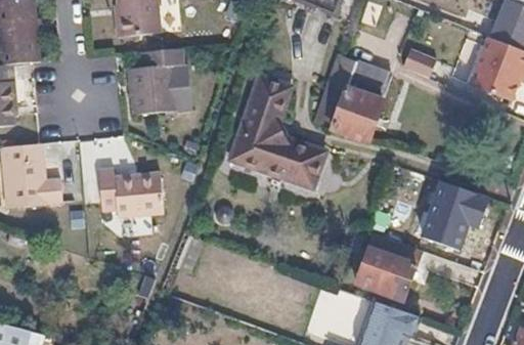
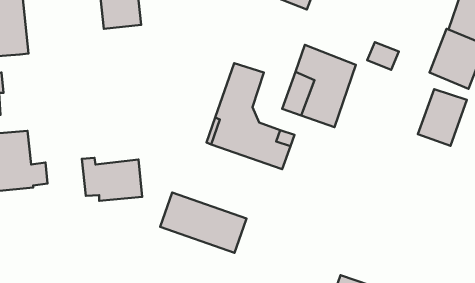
building: [127,49,186,114] -> none
building: [422,180,474,241] -> [418,89,467,146]
building: none -> [160,192,246,253]
building: [355,235,421,295] -> none

